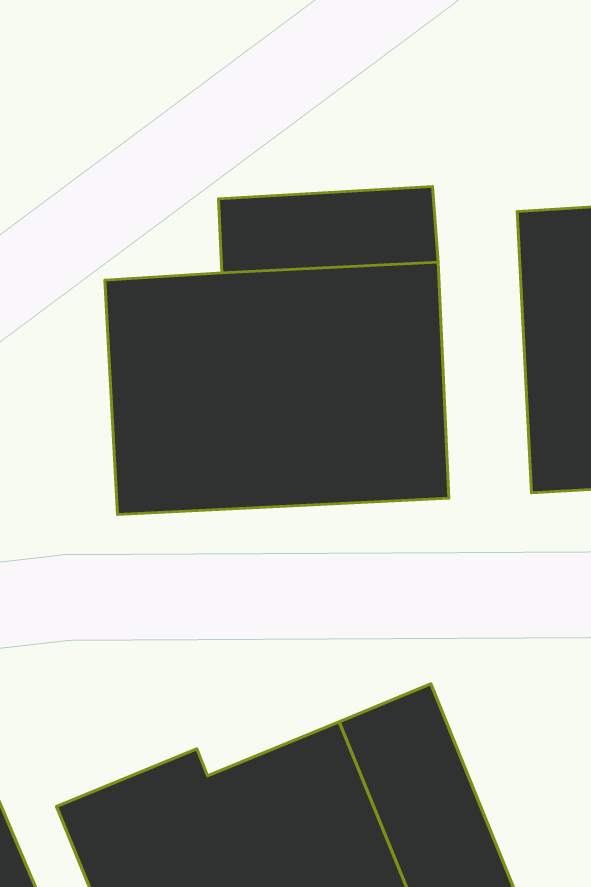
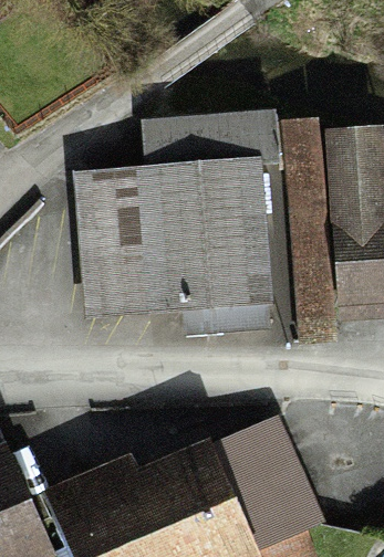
building: none -> [280,117,341,309]

